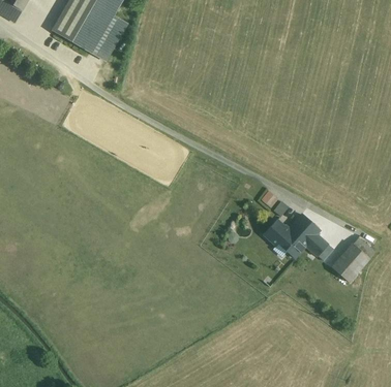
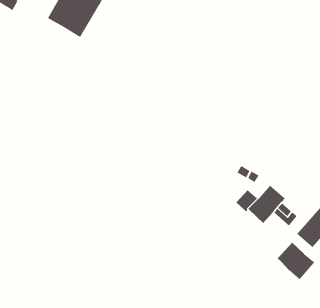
building: [90,15,125,60] -> none
building: none -> [277,242,315,280]

